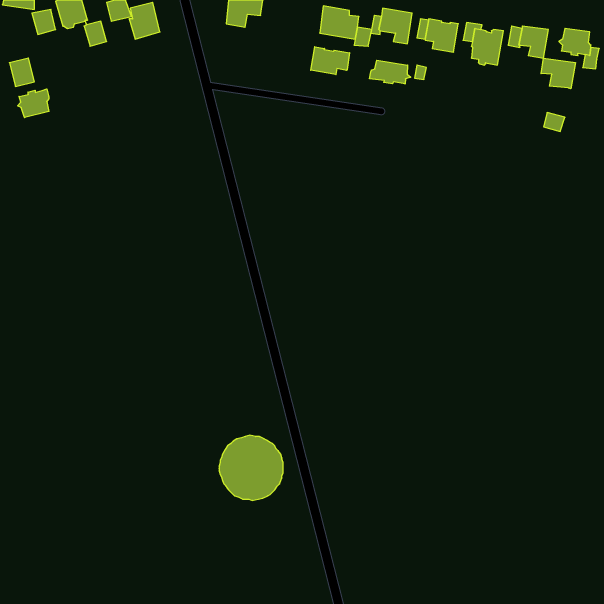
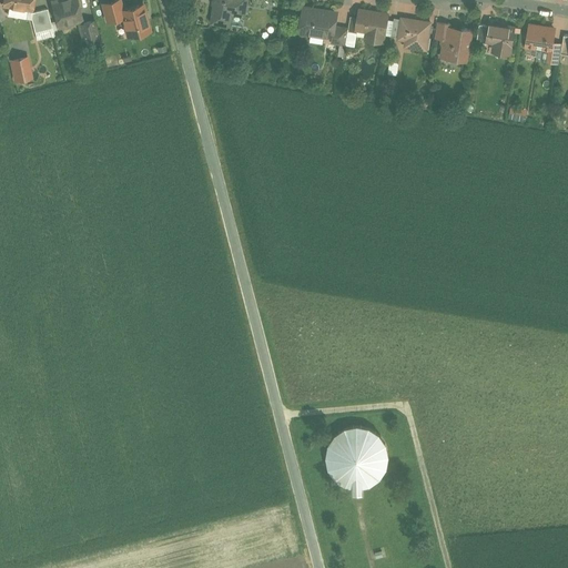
building: [311,47,350,75] -> none
building: [541,58,575,89] -> none
building: [370,60,411,84] -> none
building: [18,89,49,118] -> none
building: [219,435,283,500] -> [323,423,383,484]

